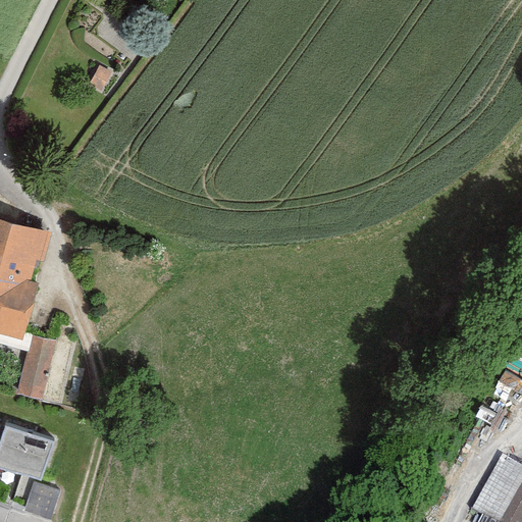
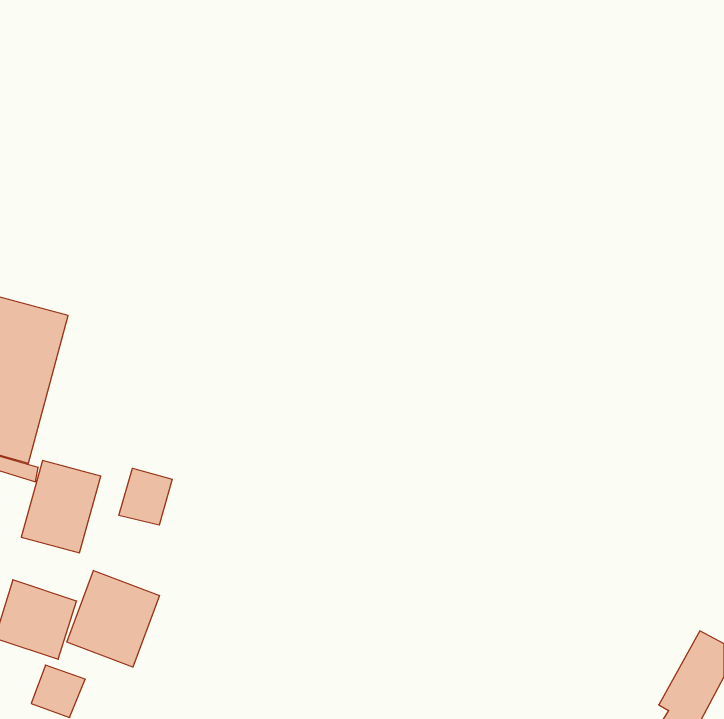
building: none -> [119,468,172,525]
building: none -> [67,570,159,667]

